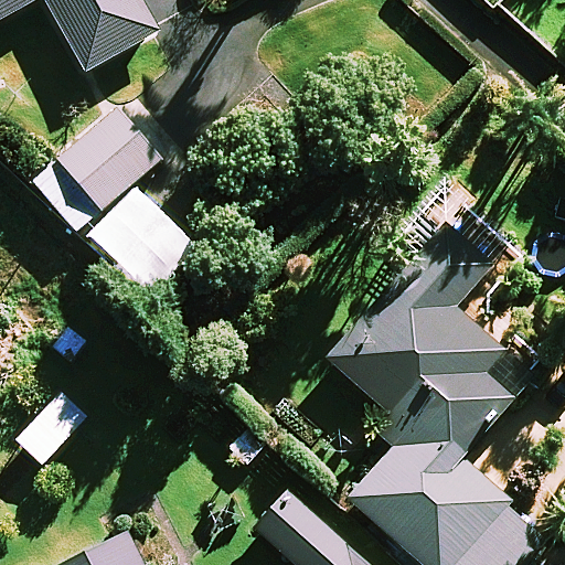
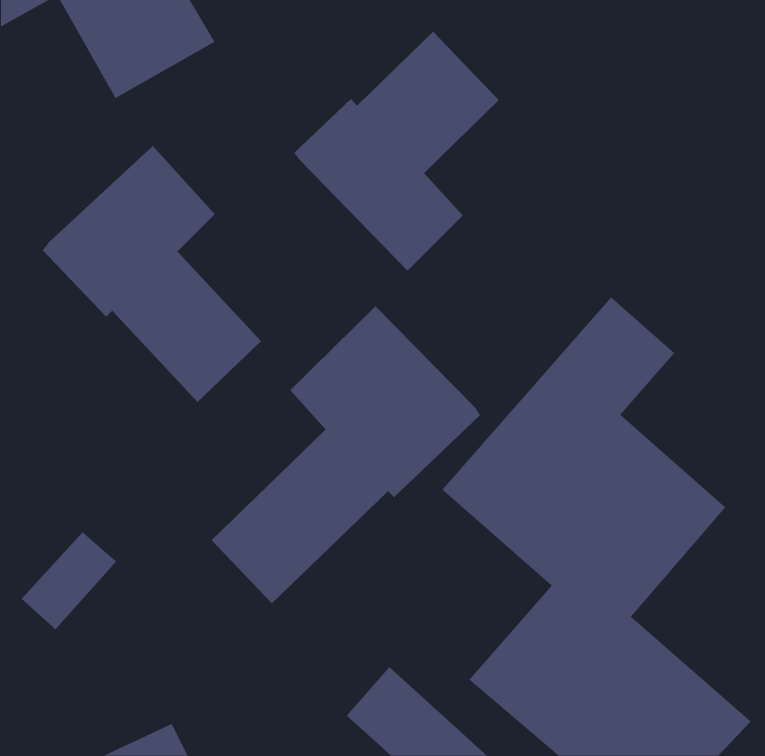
building: none -> [294,31,499,272]
building: none -> [211,306,481,604]

